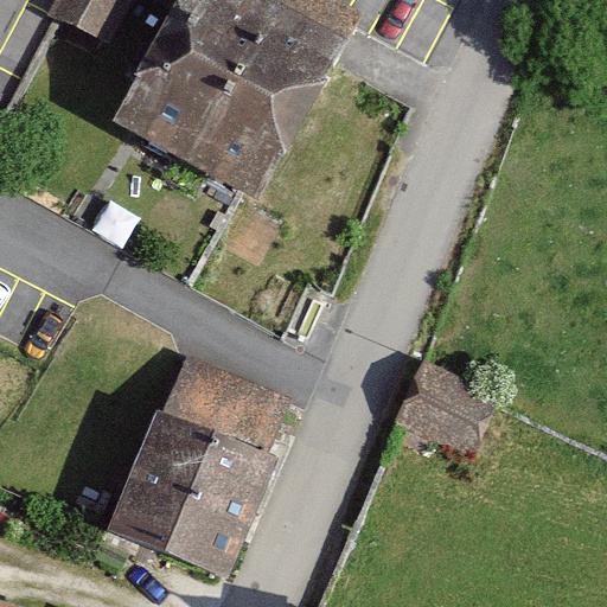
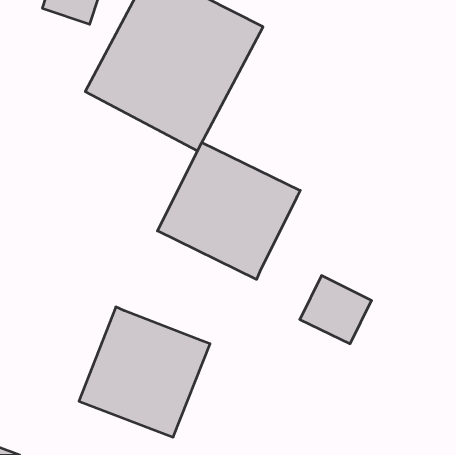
building: none -> [157,143,300,279]
building: [164,356,289,451] -> none

